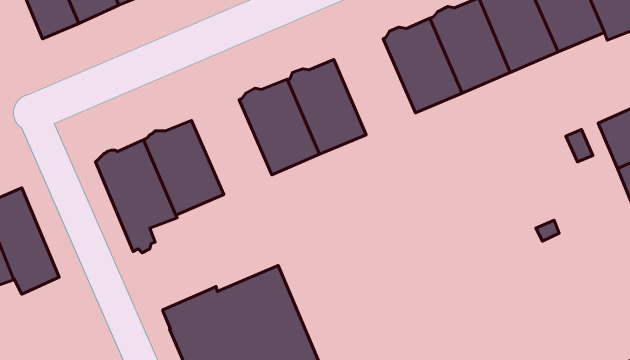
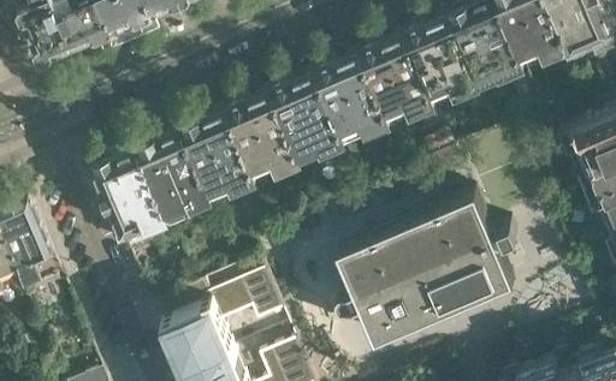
building: none -> [314,60,390,149]
building: none -> [182,117,256,204]
building: none -> [338,200,514,346]

